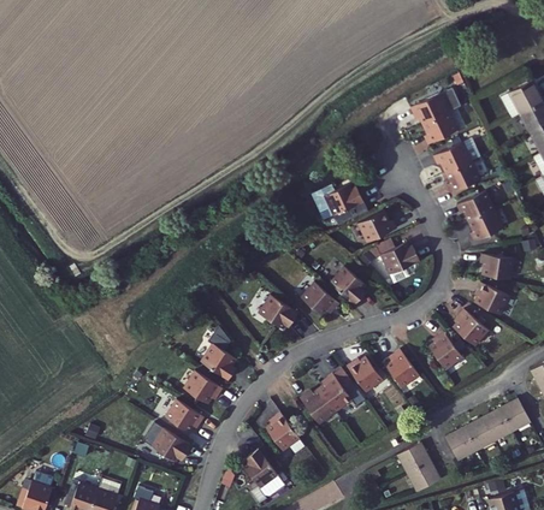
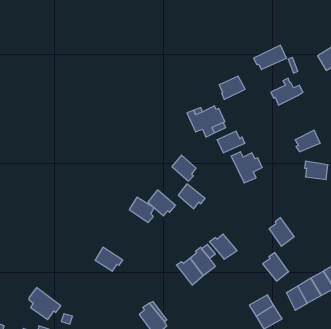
building: [415,113,451,146] -> [219,76,245,99]
building: [439,161,474,194] -> none
building: [451,191,489,223] -> none
building: [339,272,373,308] -> [172,155,196,181]
building: [468,281,504,315] -> none
building: [451,308,487,344] -> none
building: [201,345,236,380] -> [129,197,154,222]
building: [380,345,416,385] -> [263,253,289,281]
building: [165,401,205,434] -> none
building: [265,413,300,450] -> none
building: [147,421,191,465] -> [29,288,61,320]

